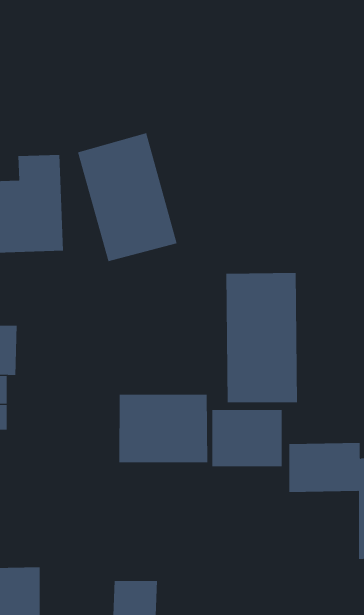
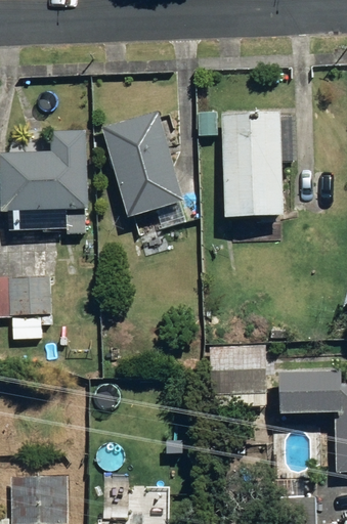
building: [226,272,298,403] -> [222,113,283,222]
building: [119,394,208,463] -> none

